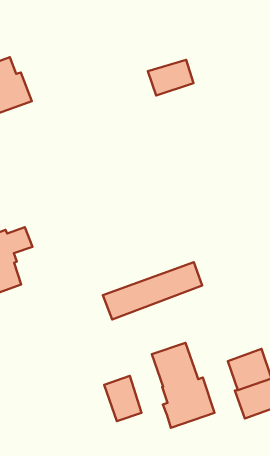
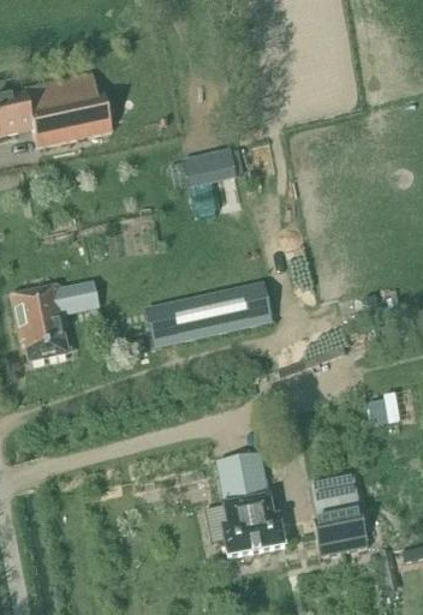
building: [148,60,193,95] -> [186,145,240,184]
building: [103,262,202,319] -> [147,291,270,347]
building: [104,376,142,421] -> none

